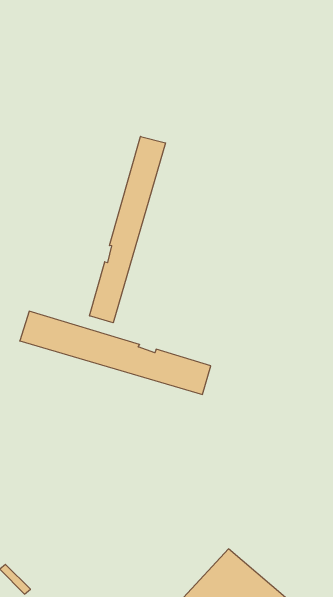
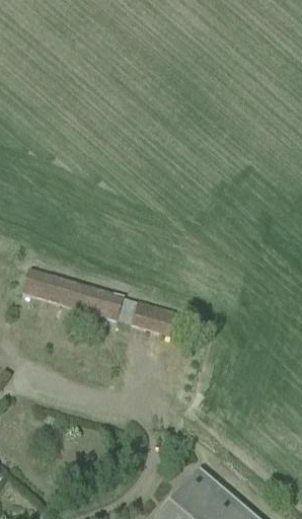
building: [90,136,166,323] -> none

